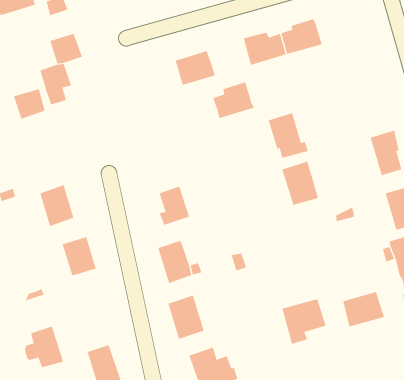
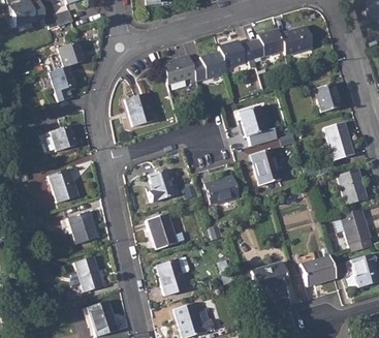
building: none -> [280,25,313,54]
building: [212,82,255,119] -> [192,50,227,81]
building: none -> [314,83,340,112]
building: [13,89,46,120] -> [51,124,77,150]
building: none -> [125,91,155,127]
building: none -> [204,175,238,204]
building: [24,326,64,368] -> [70,255,103,290]

